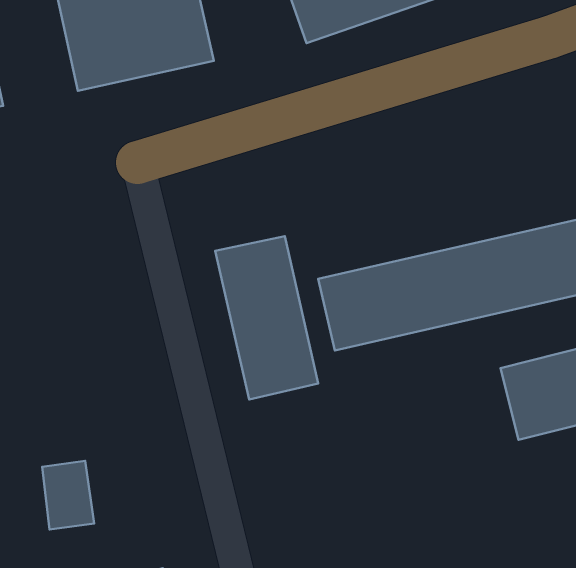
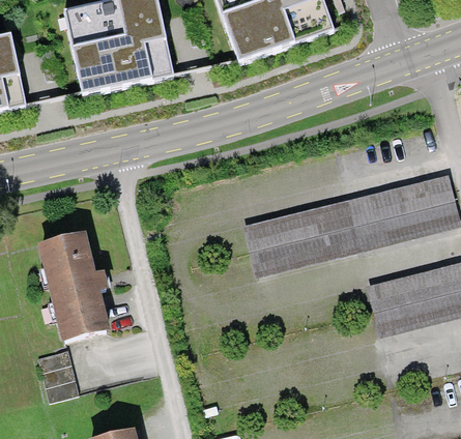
building: [215,236,318,399] -> none
building: none -> [41,235,109,342]

